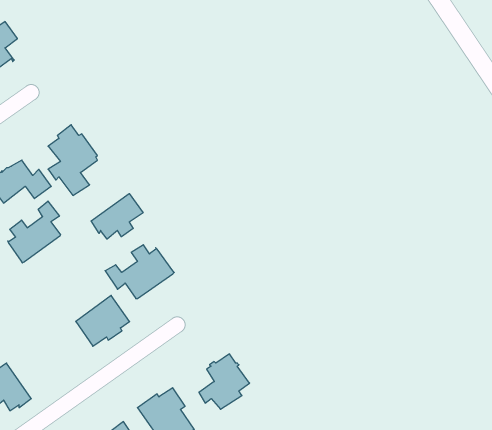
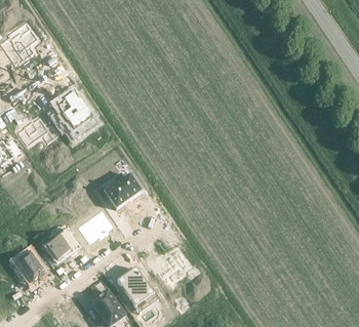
building: [91,194,143,239] -> none
building: [8,201,60,263] -> none
building: none -> [46,228,77,262]

